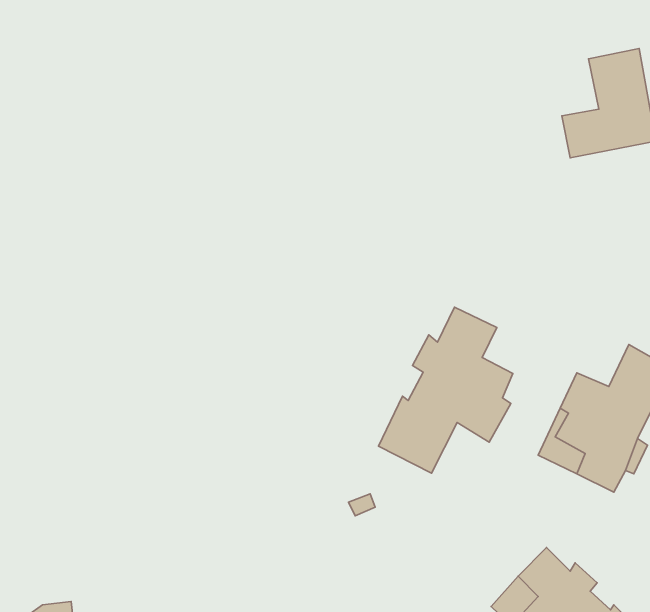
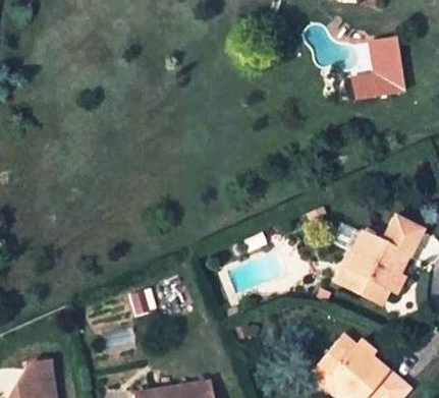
building: [379,307,513,473] -> none

